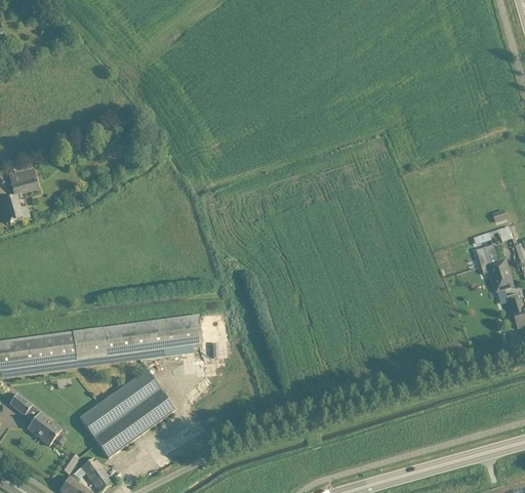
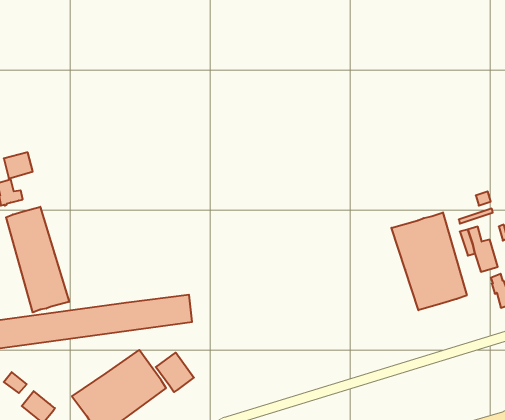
building: none -> [6,207,69,312]
building: none -> [391,212,467,310]
building: none -> [156,353,194,392]

